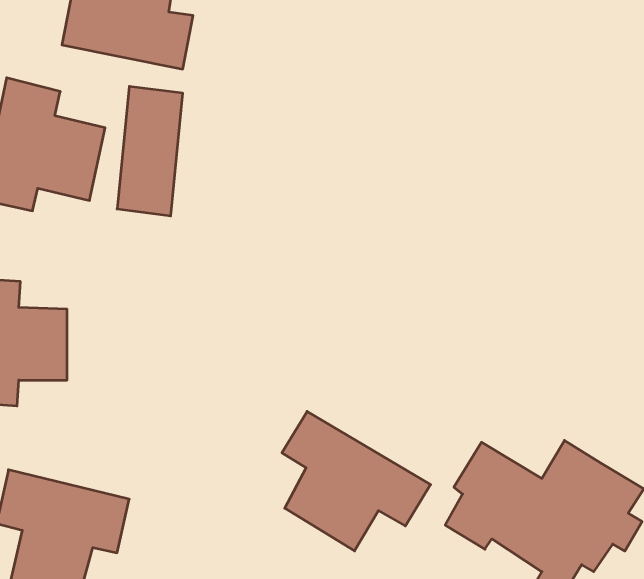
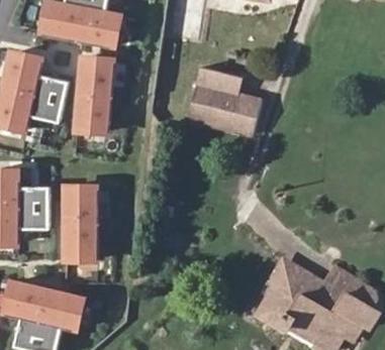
building: none -> [186,68,259,134]
building: none -> [62,188,94,260]
building: [282,411,431,551] -> none

